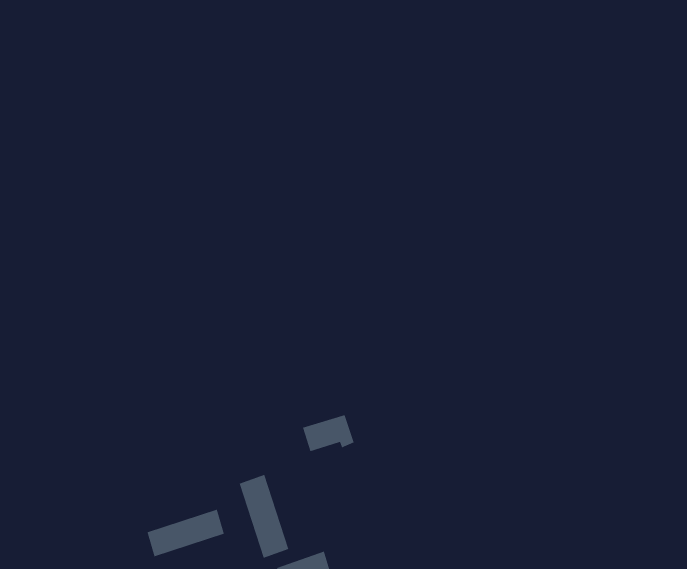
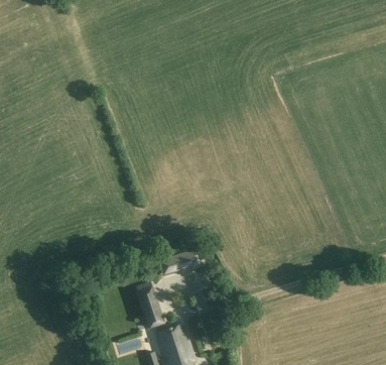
building: [147,509,224,557] -> none

